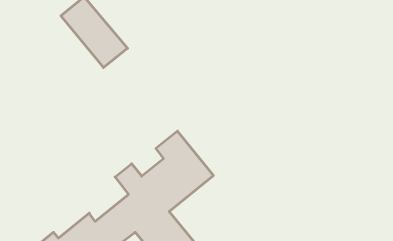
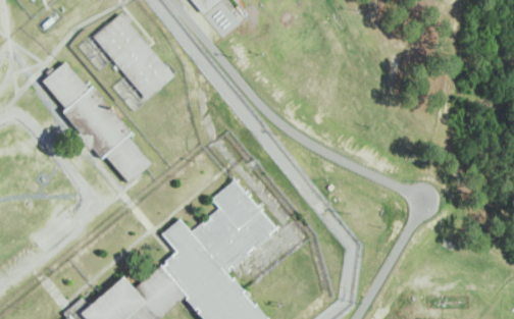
building: none -> [40,61,151,183]

